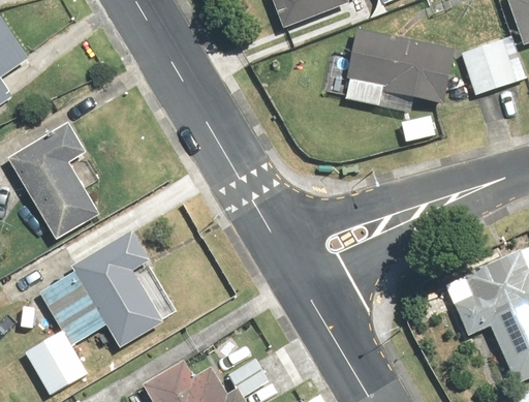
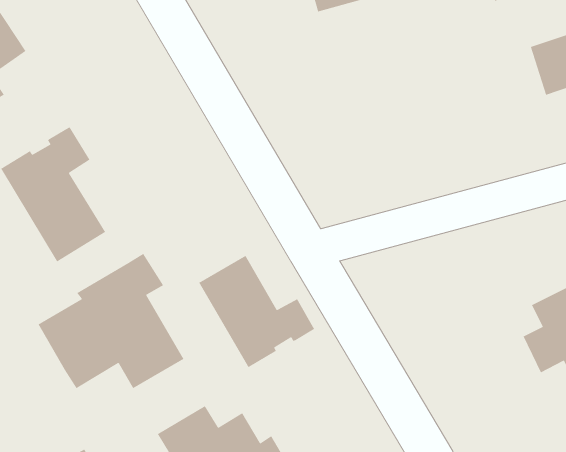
building: [321,30,458,111] -> none
building: none -> [198,255,315,368]
building: [26,331,88,395] -> none

